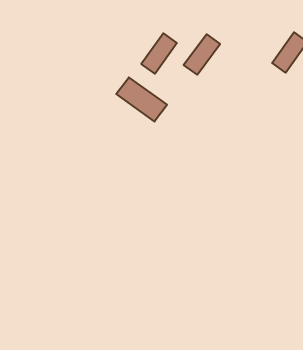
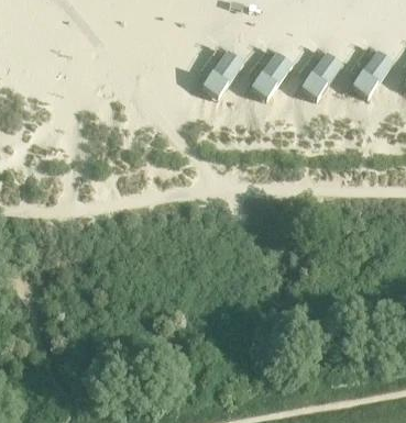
building: none -> [300,52,341,98]
building: [116,77,167,122] -> none

